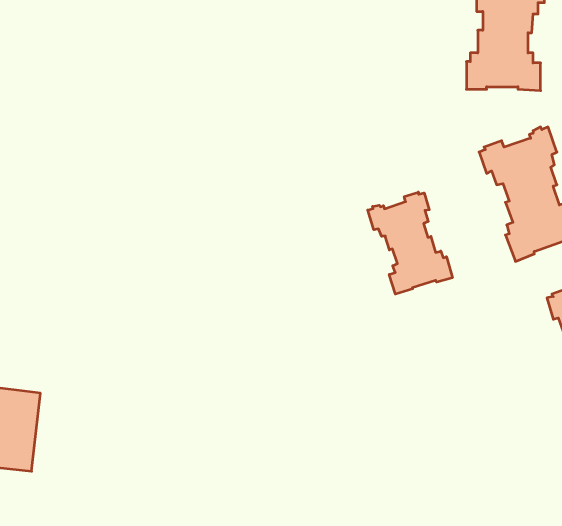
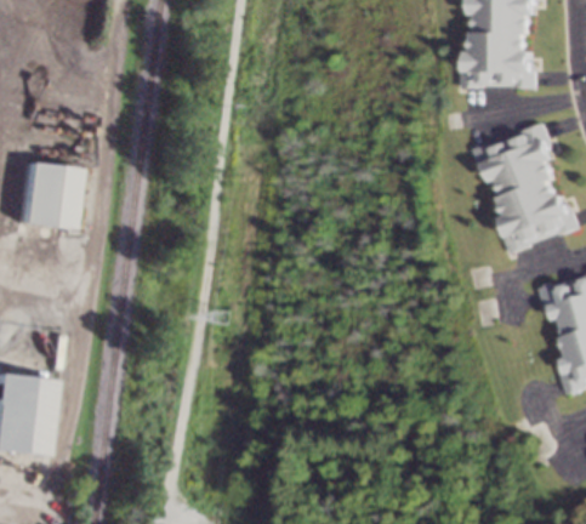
building: none -> [19,164,80,230]
building: [368,192,452,294] -> none

